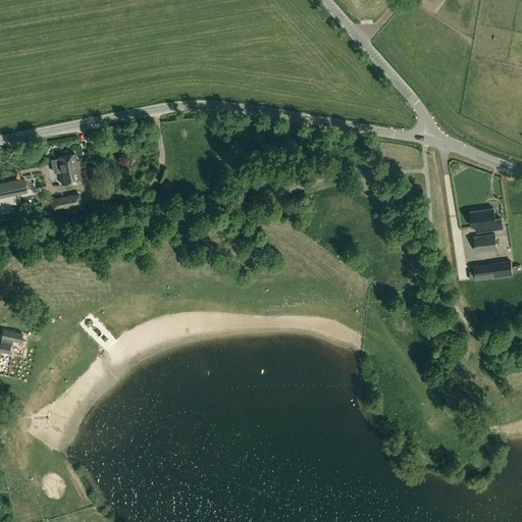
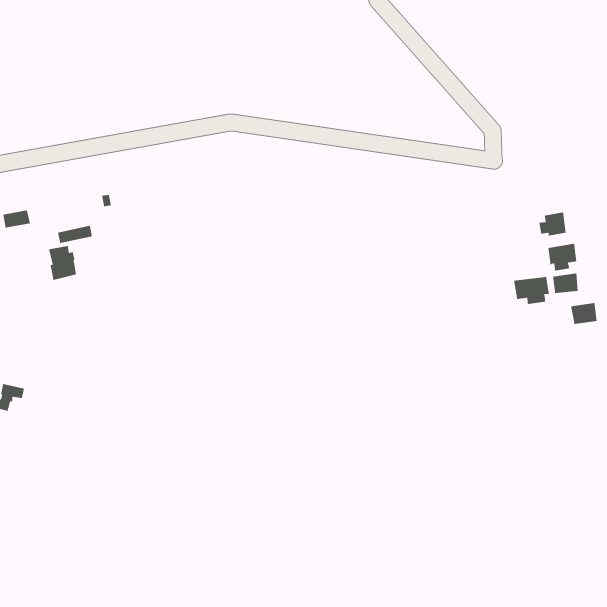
building: [56,155,81,186] -> [48,245,77,281]
building: none -> [538,211,567,236]
building: none -> [513,276,550,305]

